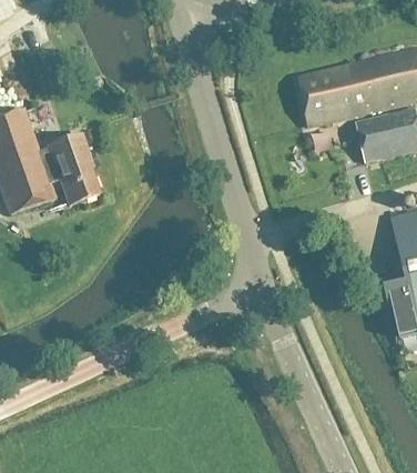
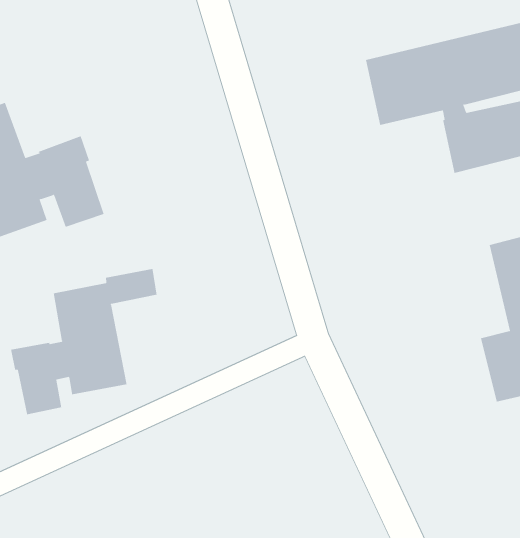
building: none -> [11,268,157,415]

